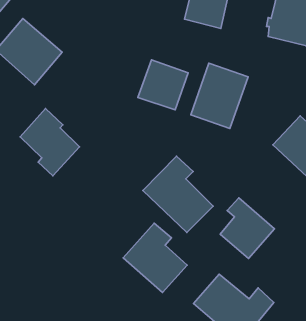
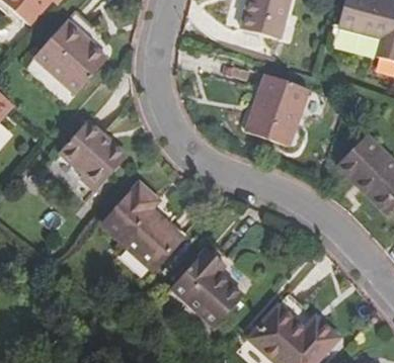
building: [138,60,188,110] -> none
building: [143,156,213,233] -> [108,184,186,269]
building: [220,198,275,259] -> none

